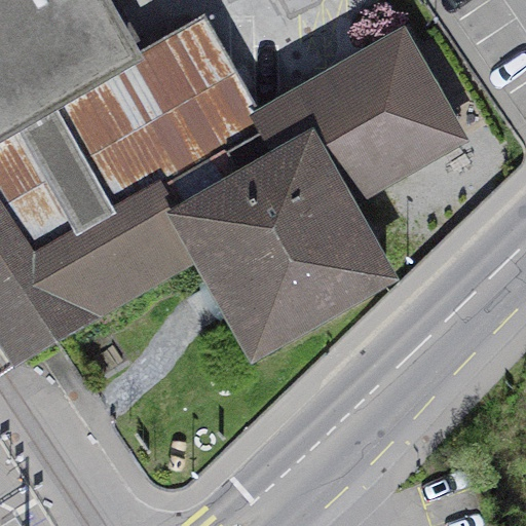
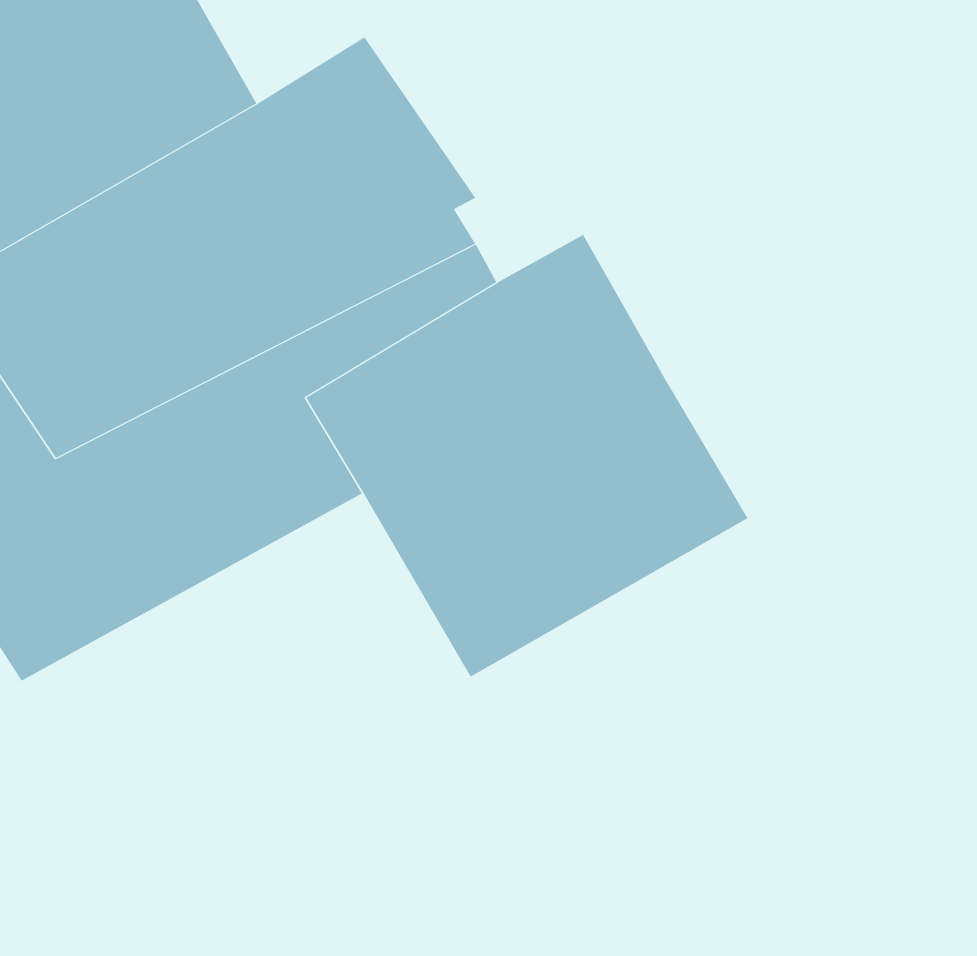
building: [243,24,465,199] -> none

